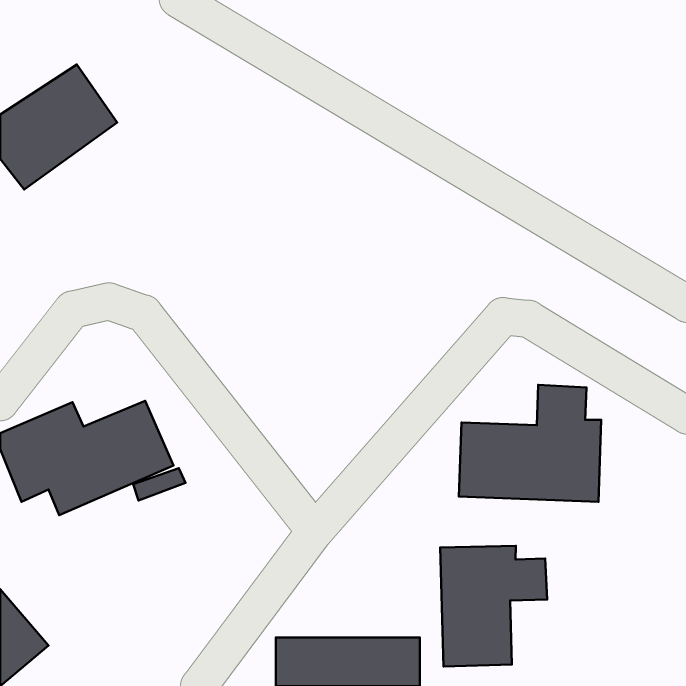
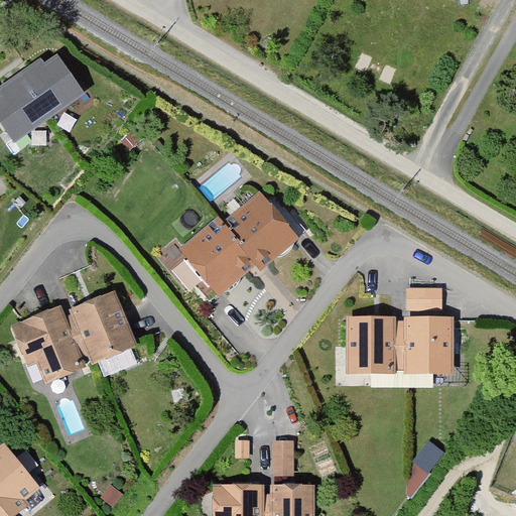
building: none -> [175,197,302,295]
building: [440,546,547,666] -> none
building: none -> [272,439,296,475]

